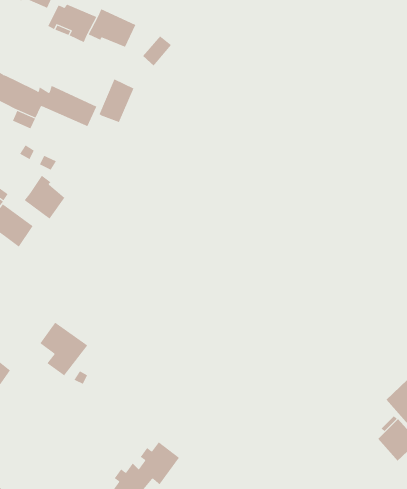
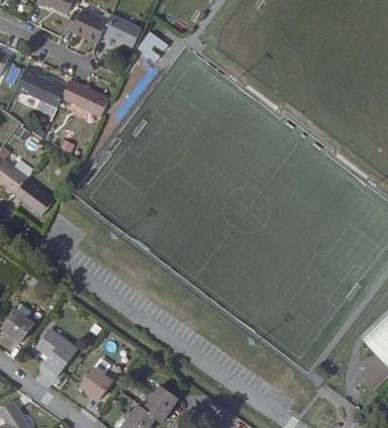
building: [99,78,134,123] -> none
building: [24,175,65,219] -> none
building: [40,322,88,376] -> [36,327,78,373]
building: none -> [81,365,113,398]

